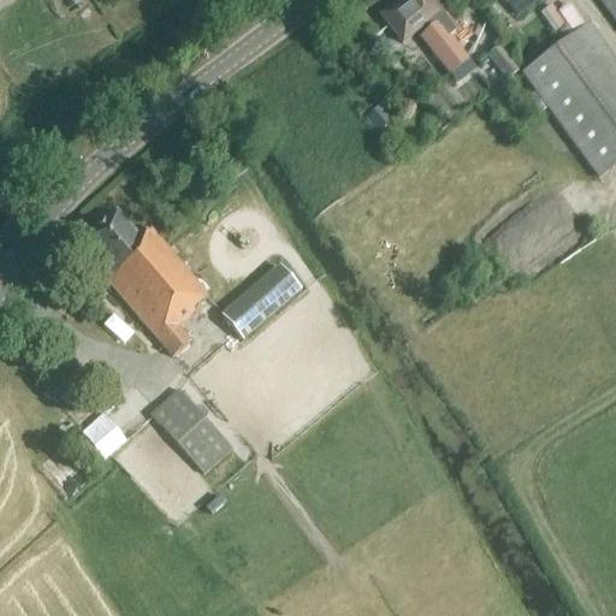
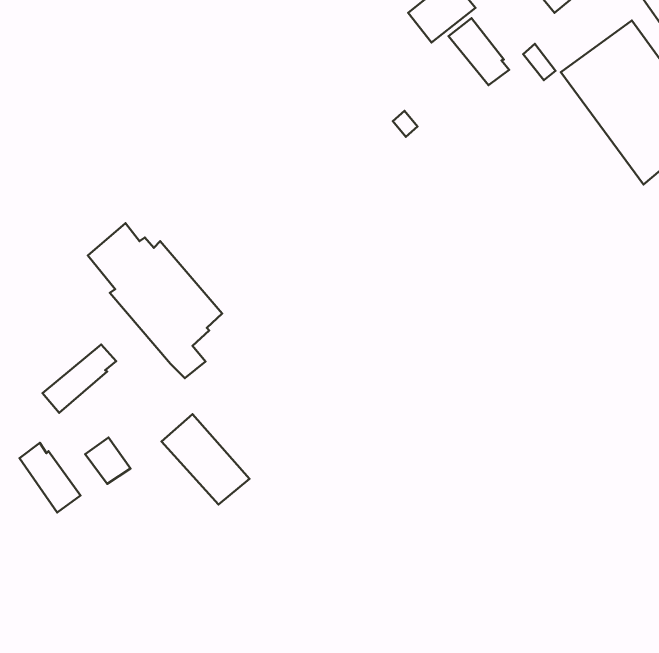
building: [223,262,302,337] -> none
building: none -> [42,344,116,413]
building: none -> [19,443,81,512]

